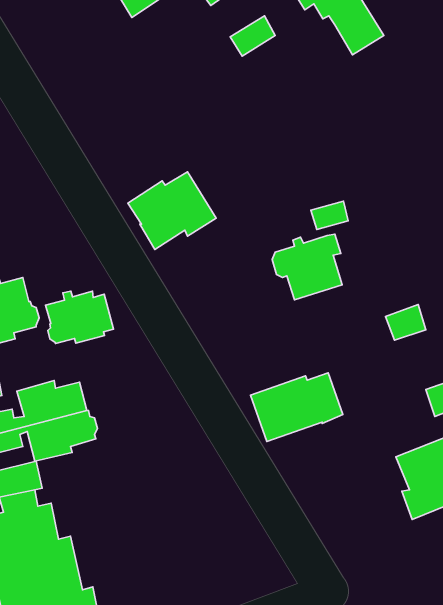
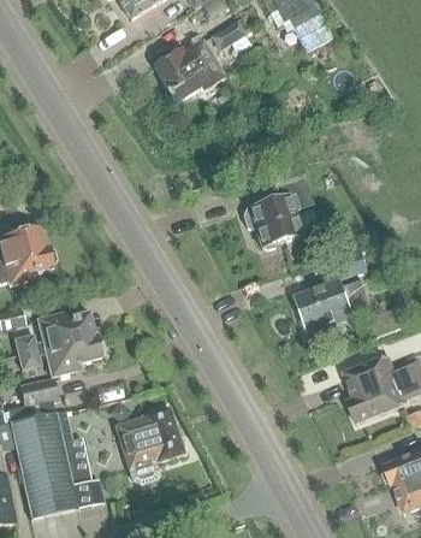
building: [128,172,216,250] -> [154,40,225,102]
building: [46,291,114,344] -> none
building: [250,373,343,441] -> [295,277,369,332]
building: none -> [114,407,183,485]

